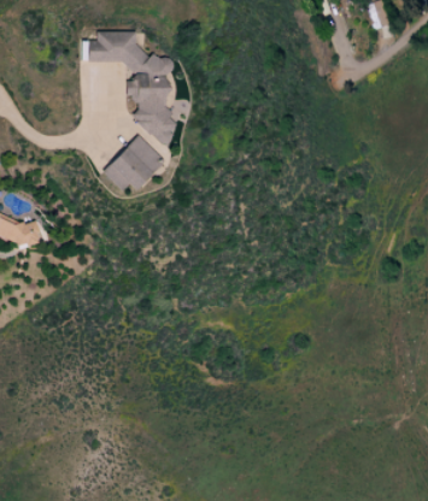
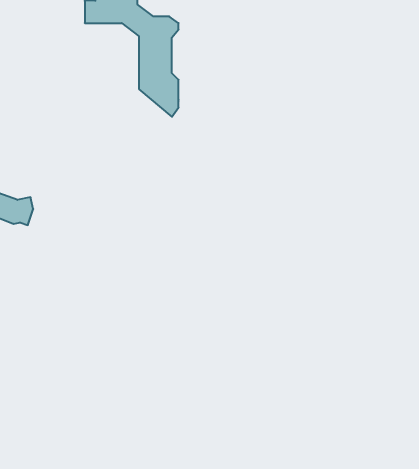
building: [101,136,164,191] -> none

